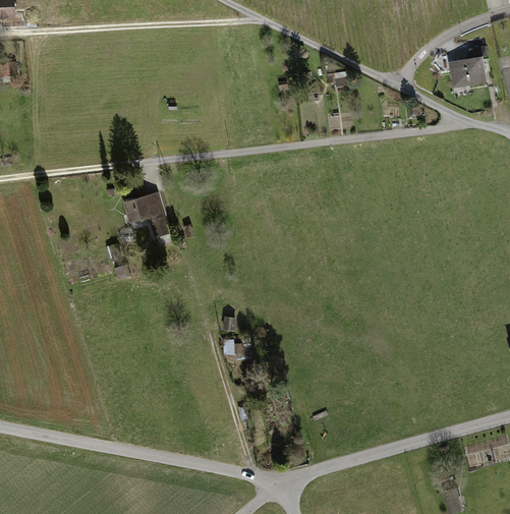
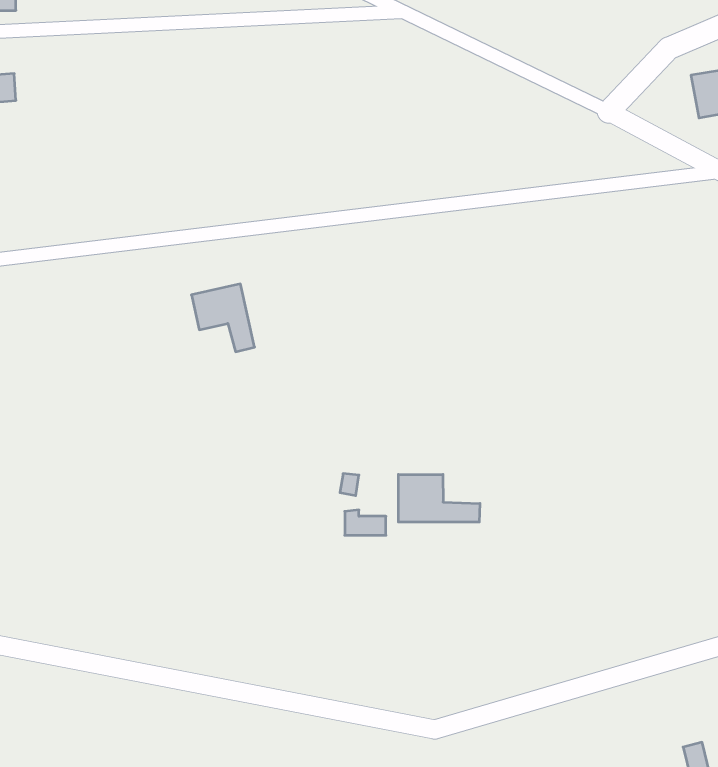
building: none -> [398,474,480,522]

